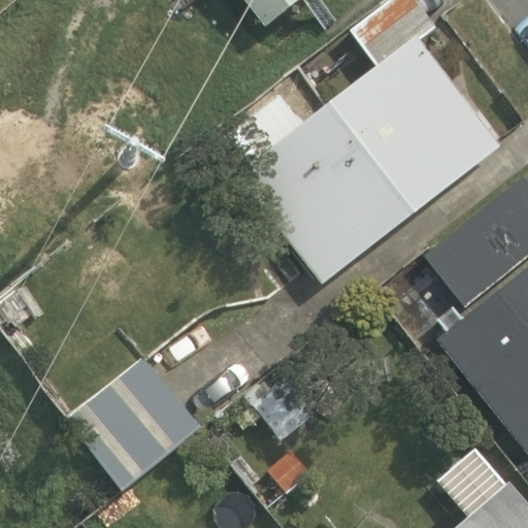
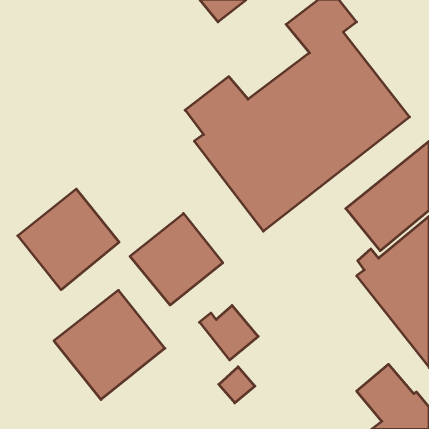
building: none -> [18,189,119,290]
building: none -> [130,213,223,305]

